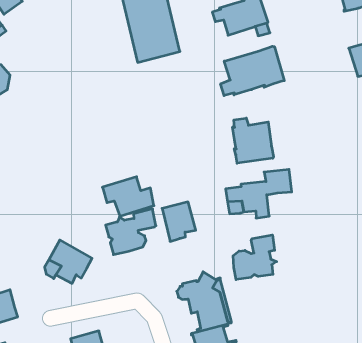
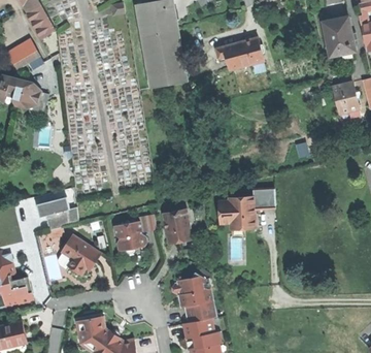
building: [221,46,284,96] -> none
building: [233,118,274,163] -> none
building: [102,177,154,216] -> [35,196,78,229]
building: [233,235,277,280] -> none

